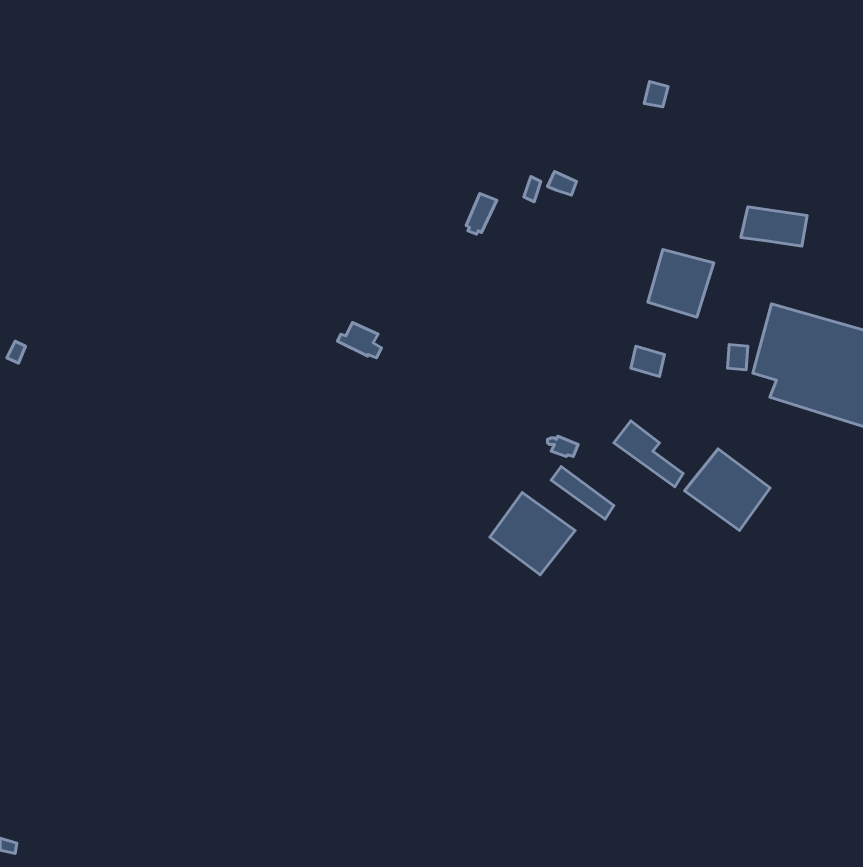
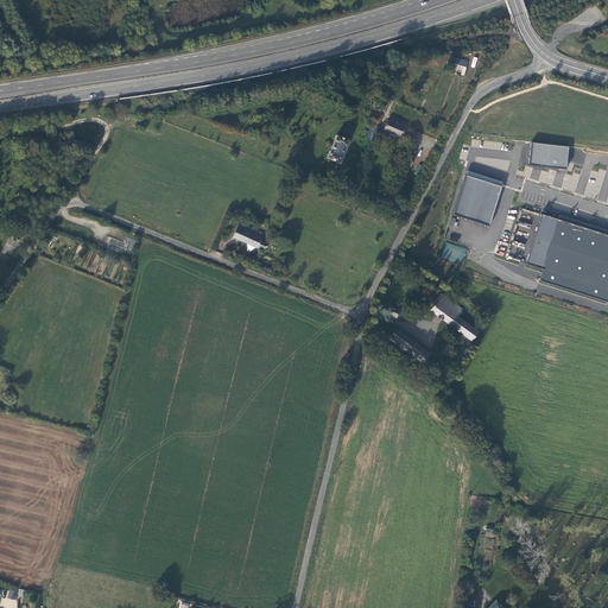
building: [685,449,770,530] -> none
building: [490,492,575,575] -> none

